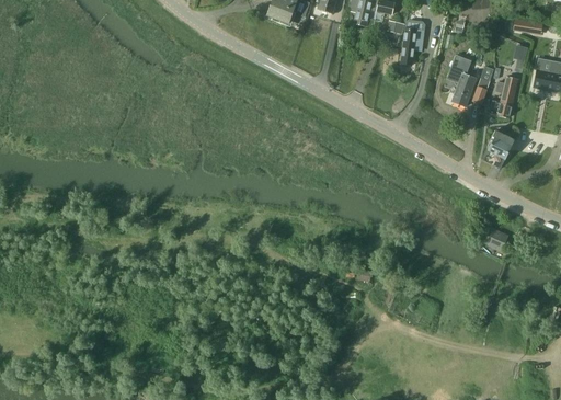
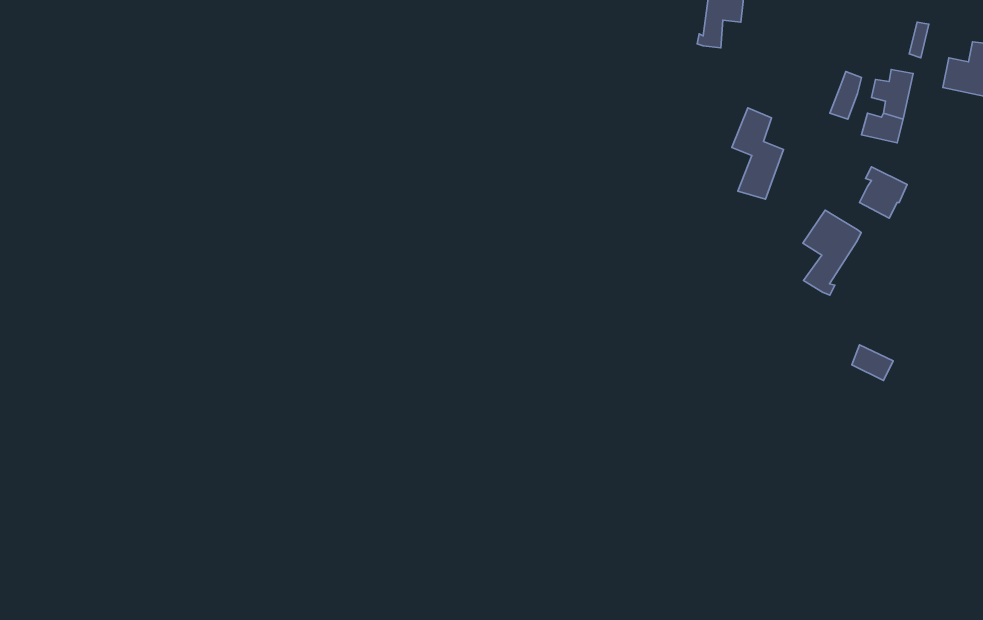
building: [448,55,477,105] -> [732,108,783,199]
building: none -> [803,210,861,295]

